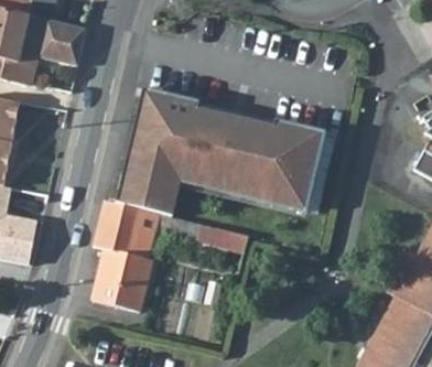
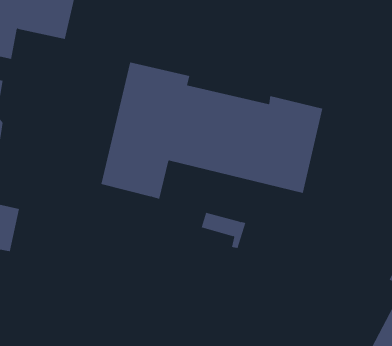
building: [91,198,162,305] -> none

